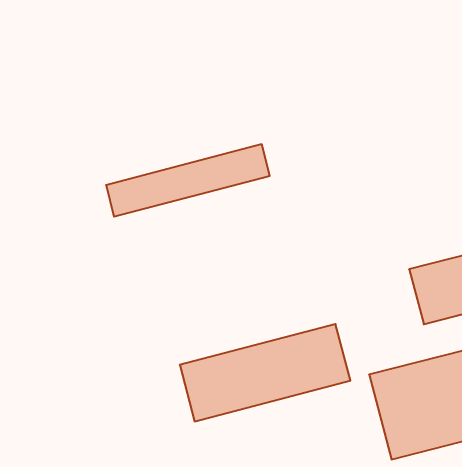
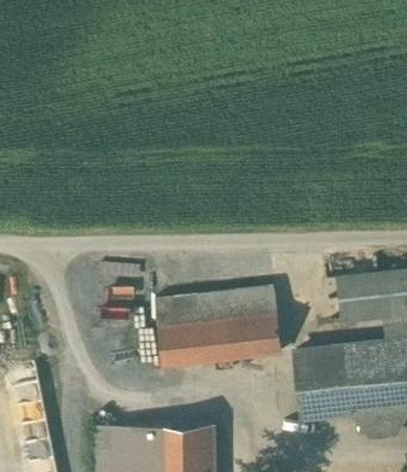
building: [106,144,270,217] -> [153,287,275,325]

